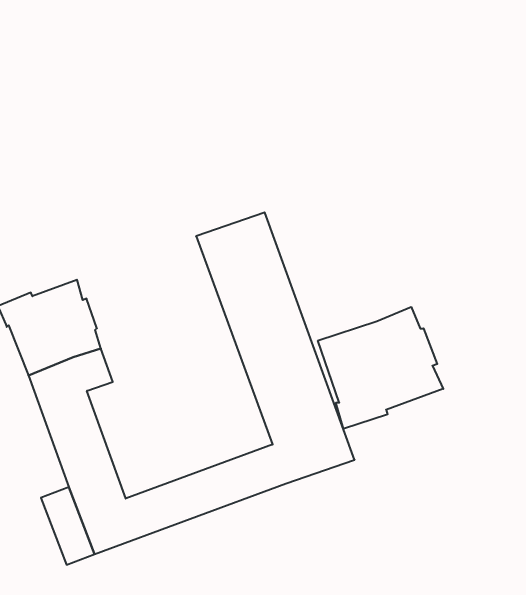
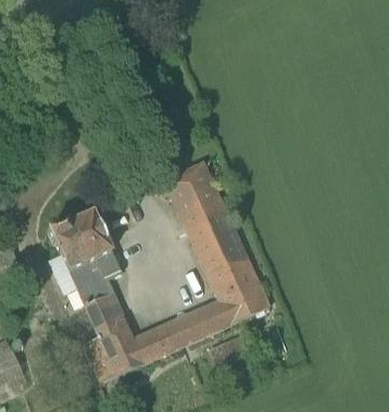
building: [318,307,443,429] -> none

